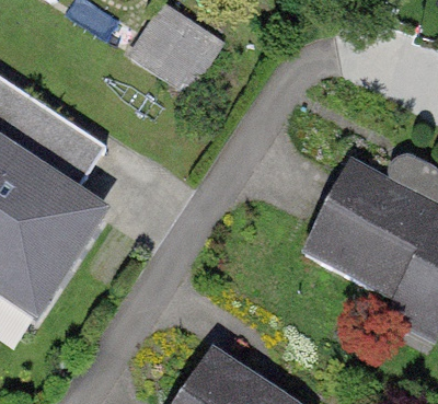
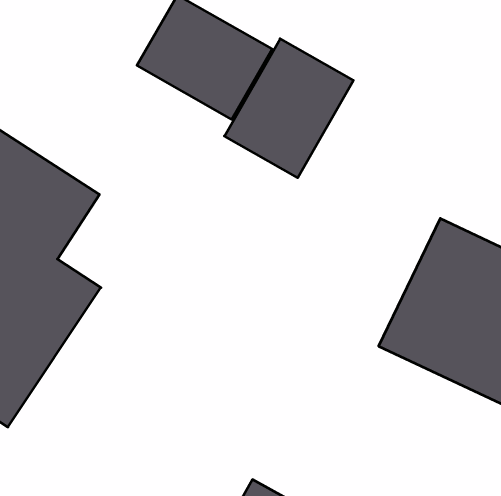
building: none -> [224,39,353,178]

